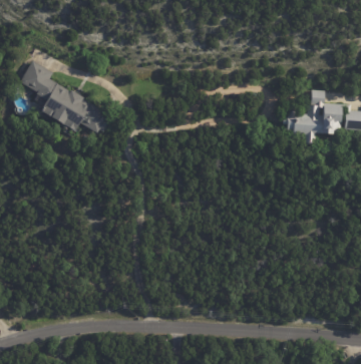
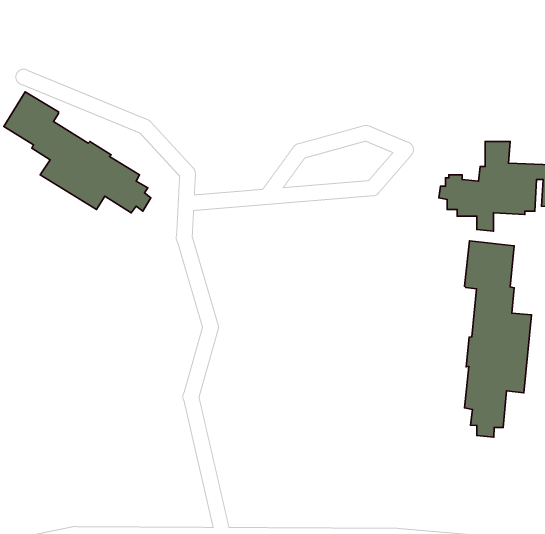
building: none -> [464,241,531,437]

